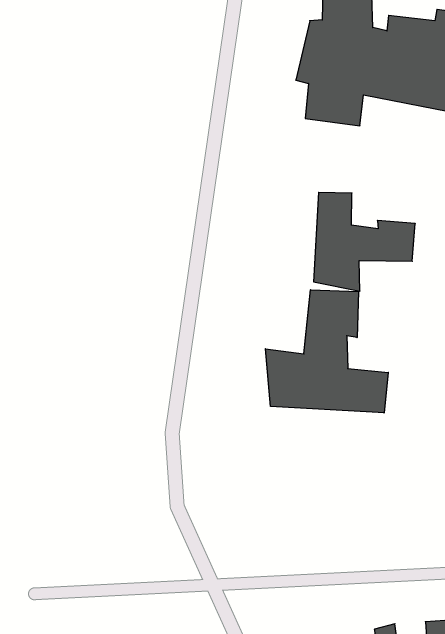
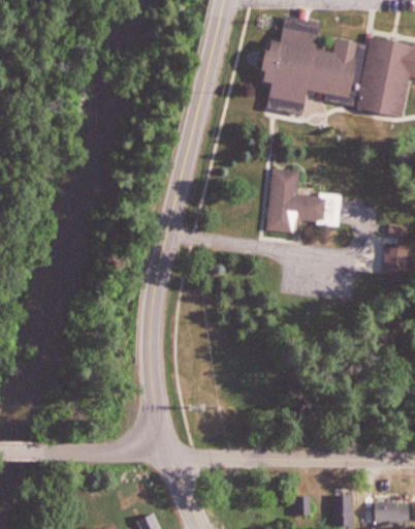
building: [265,290,388,413] -> none

